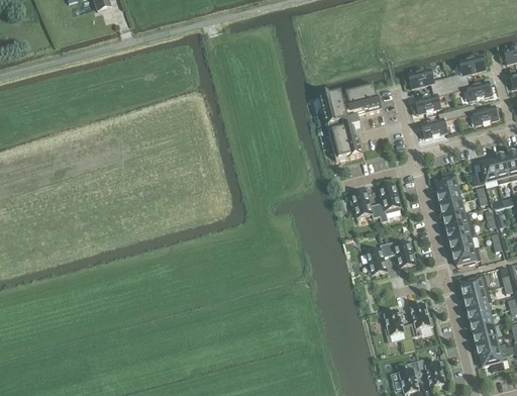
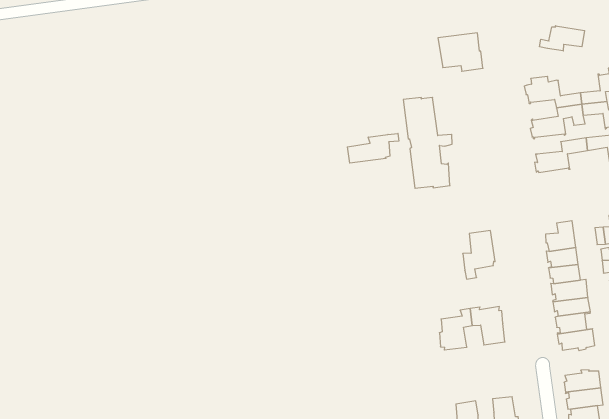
building: none -> [540,26,585,51]
building: [344,83,380,112] -> [438,33,483,71]
building: none -> [347,133,399,163]
building: [348,190,379,216] -> none

